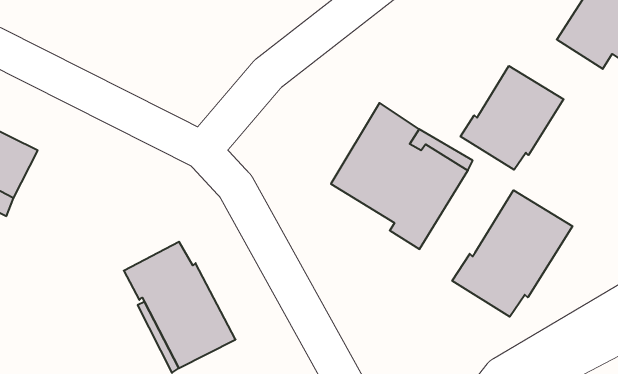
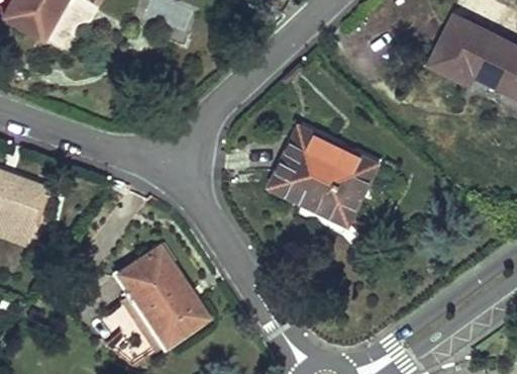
building: [461,66,564,170] -> none
building: [452,190,572,317] -> none

